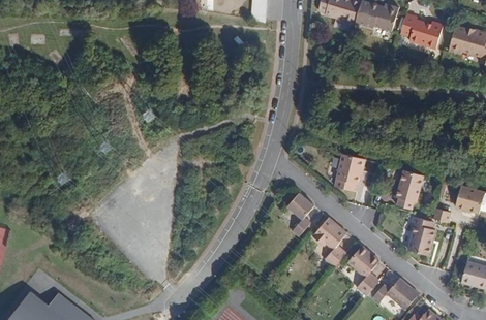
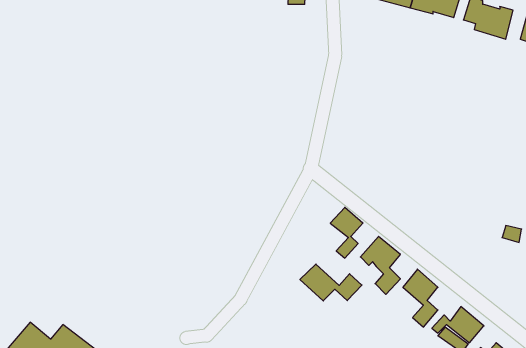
building: [334,154,360,190] -> none
building: [394,169,422,207] -> none
building: [406,216,434,254] -> none
building: none -> [300,264,362,301]

